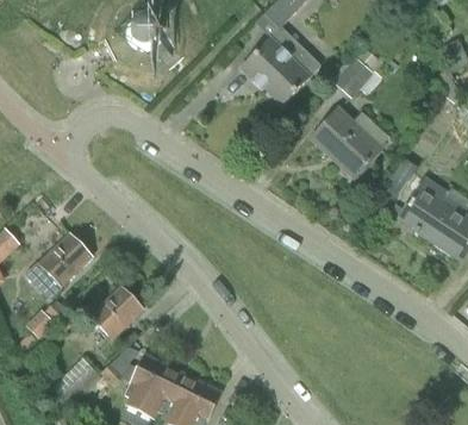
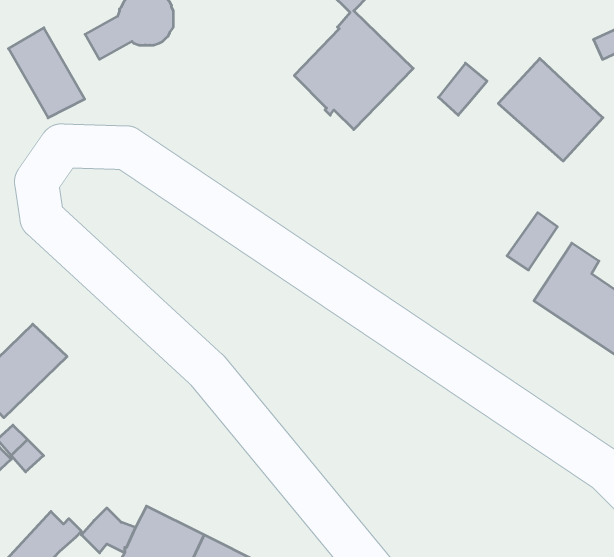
building: none -> [8,28,85,118]
building: [312,108,381,176] -> [498,58,603,161]
building: [92,286,144,338] -> none

